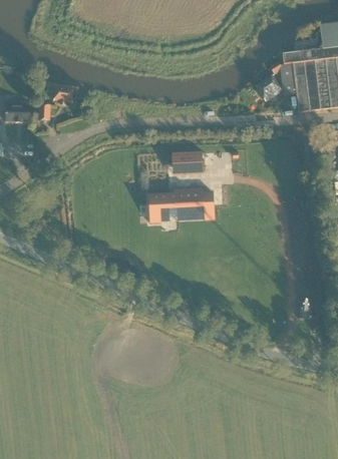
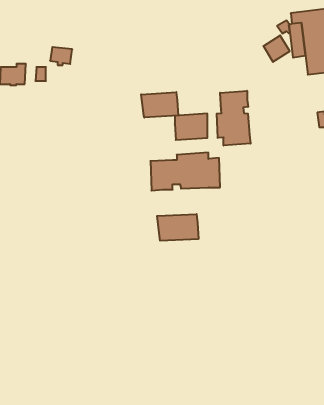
building: none -> [217,91,251,146]
building: none -> [141,92,178,118]
building: none -> [157,214,198,241]

